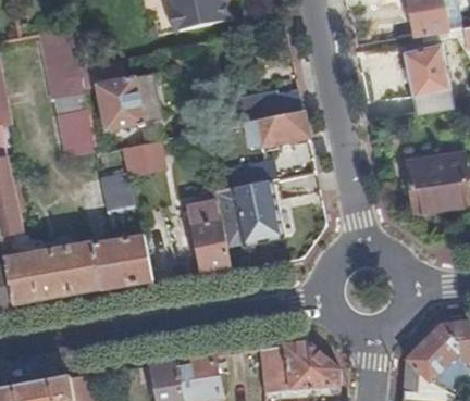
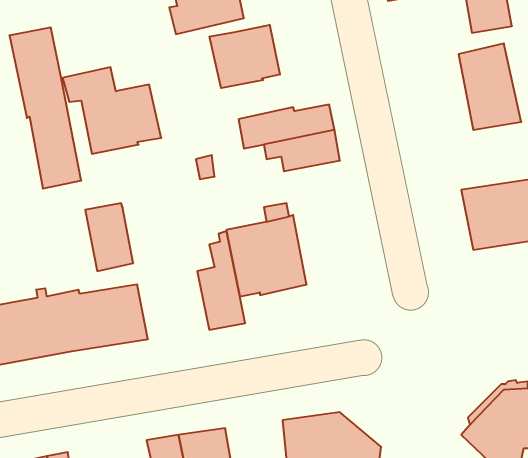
building: none -> [210,25,280,88]
building: [124,142,164,175] -> none

